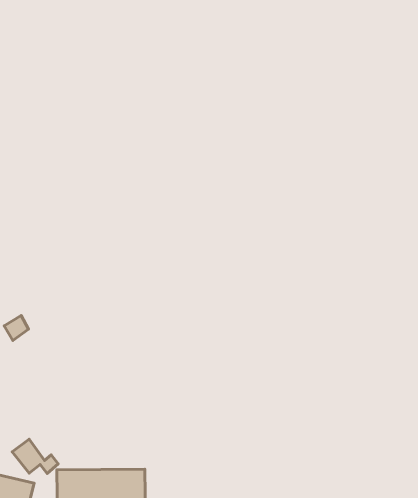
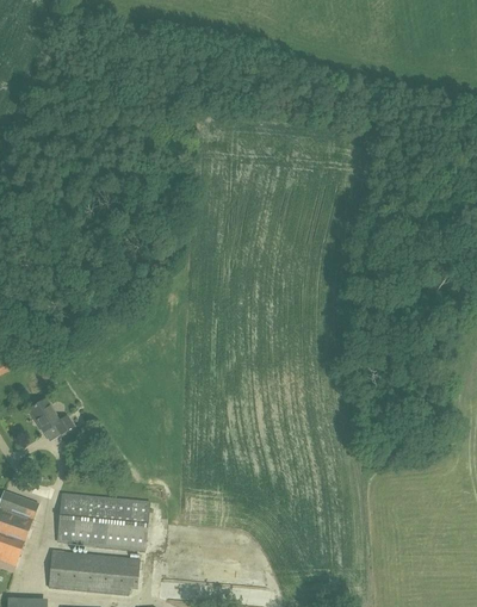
building: [12,439,58,474] -> [29,398,73,434]

